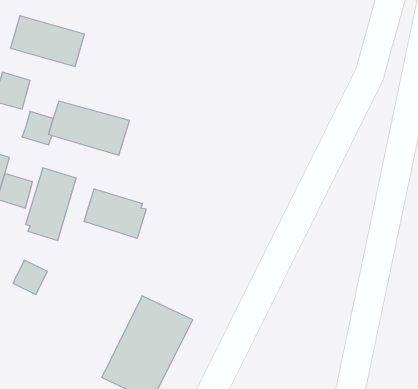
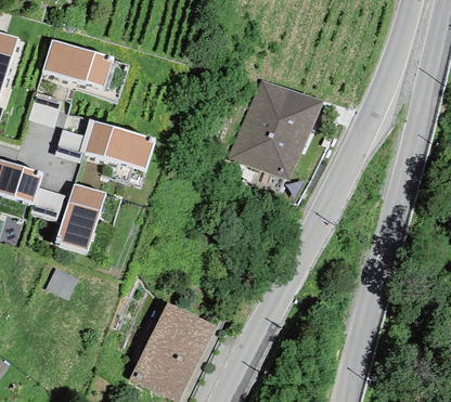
building: none -> [229,78,321,182]
building: [84,189,146,238] -> none

